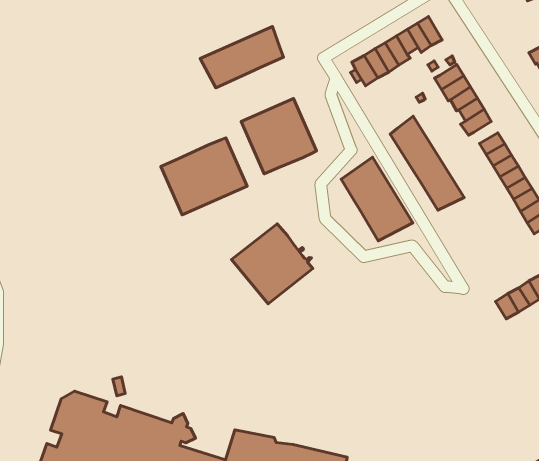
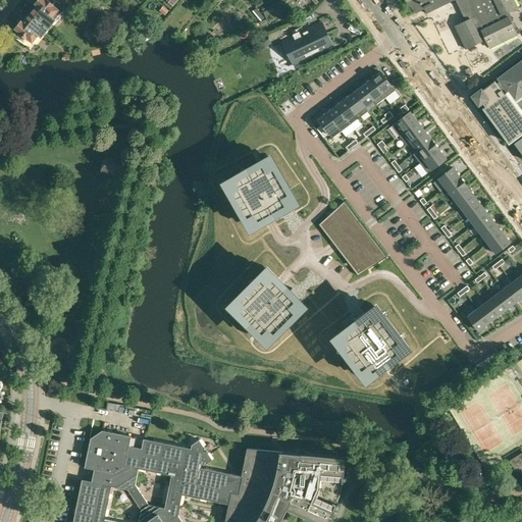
building: [200,27,283,88] -> none
building: [390,116,464,210] -> none
building: [161,138,247,215] -> none
building: none -> [334,307,406,378]

